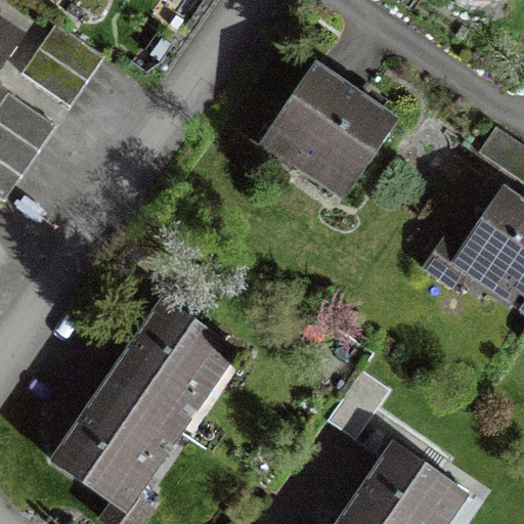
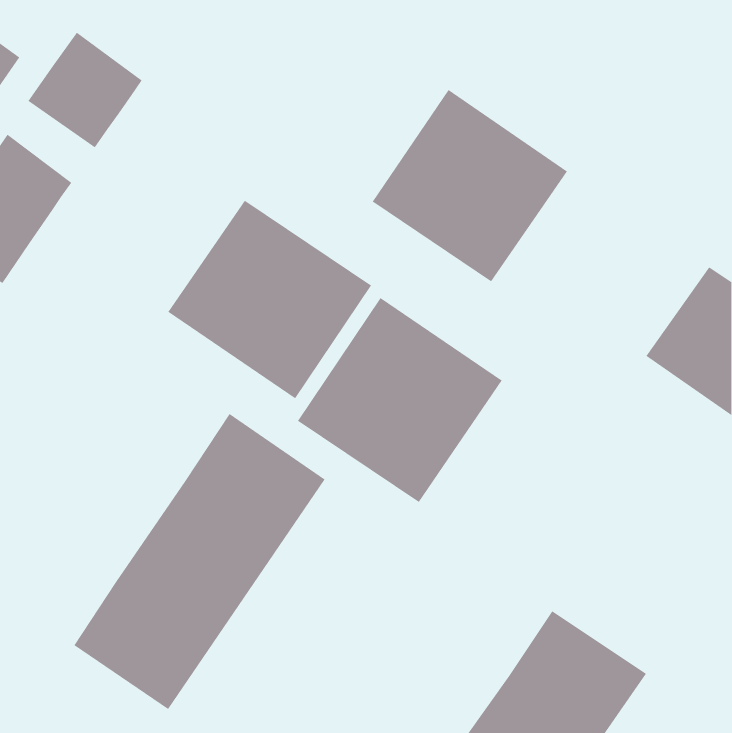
building: none -> [167,200,372,399]
building: none -> [297,297,503,503]

